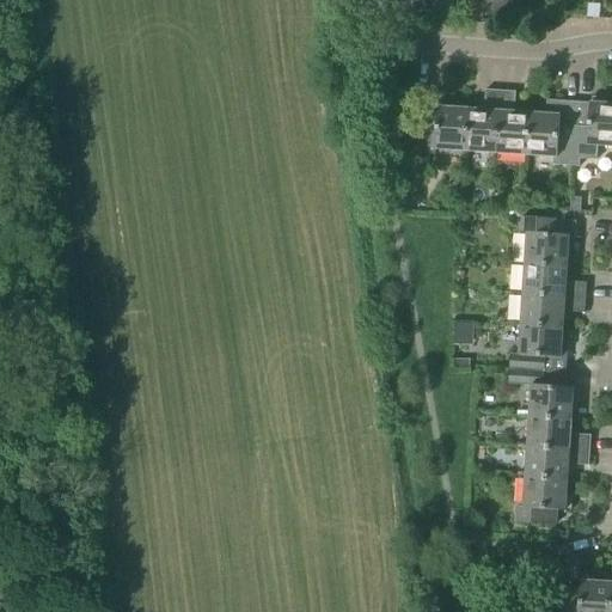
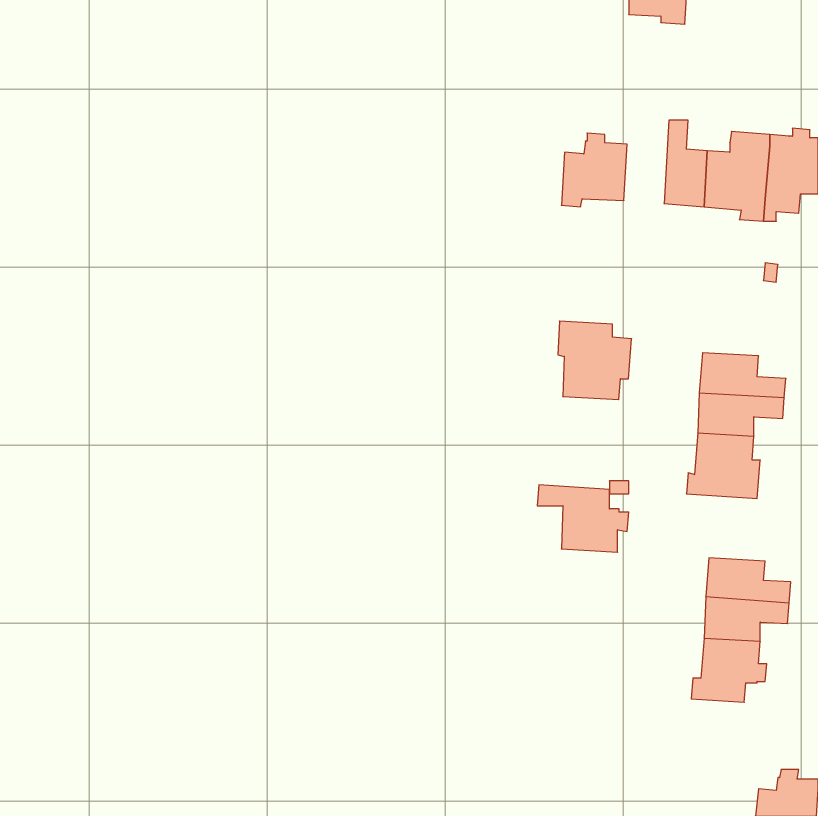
building: [465,88,498,152] -> none
building: [520,207,575,265] -> [558,321,632,400]
building: [510,368,579,418] -> [537,485,629,552]

